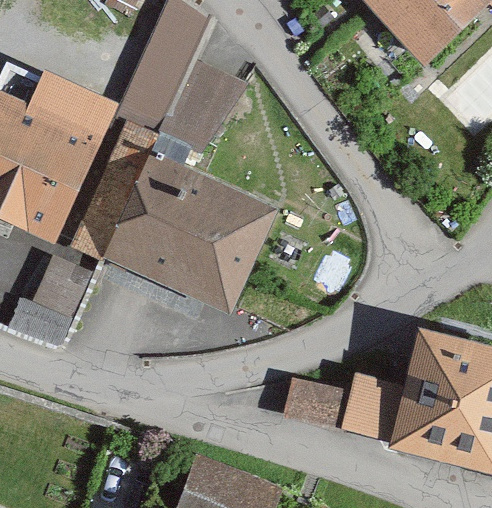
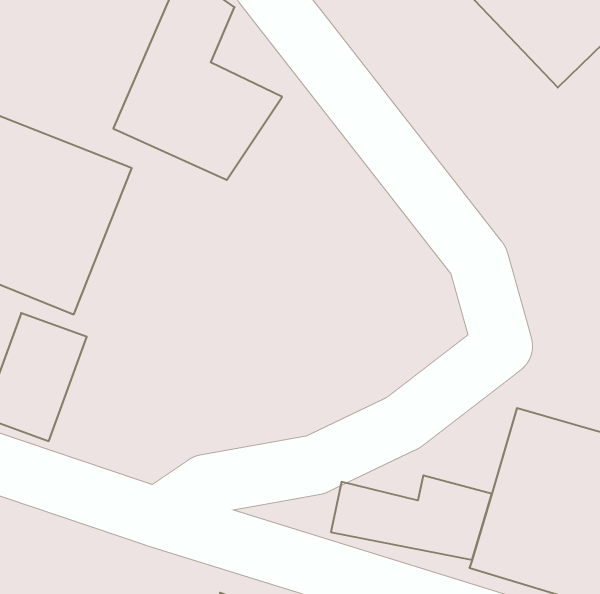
building: [121,157,298,321] -> none

